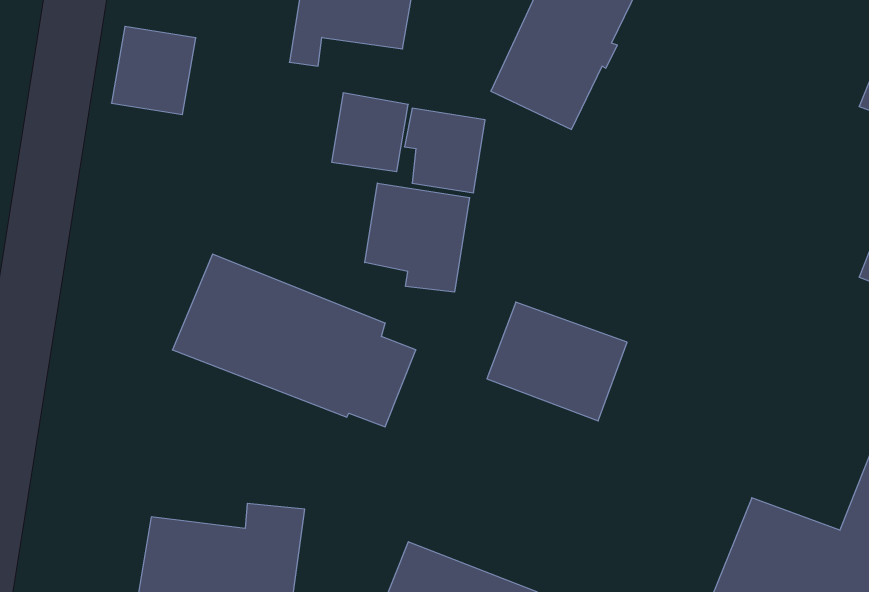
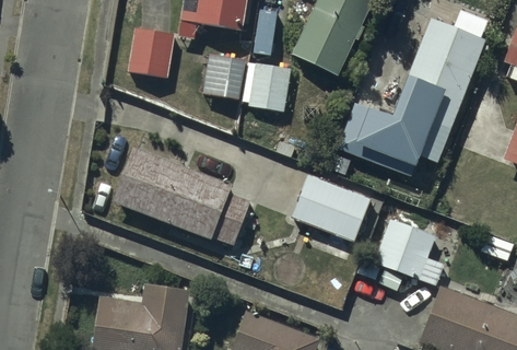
building: [111,26,196,115] -> [127,28,175,79]
building: none -> [338,18,485,176]
building: [365,183,470,292] -> none
building: none -> [361,214,444,287]

